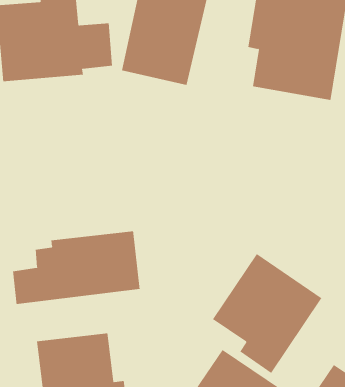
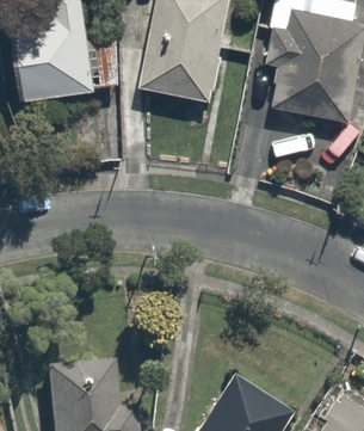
building: [13,230,140,305] -> none
building: [212,253,322,374] -> none

